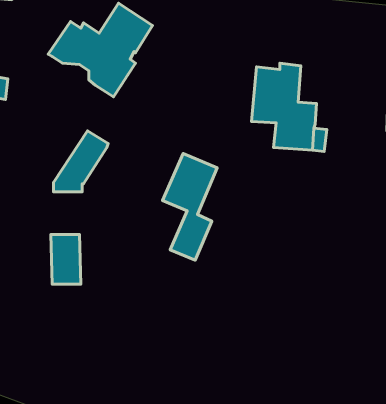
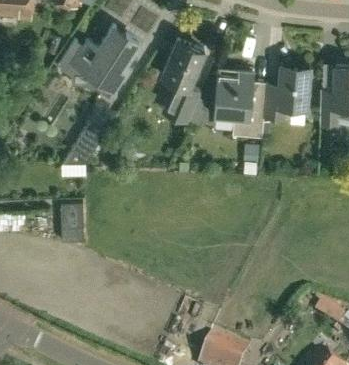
building: none -> [263,61,309,115]
building: [163,154,217,260] -> [161,36,203,118]

